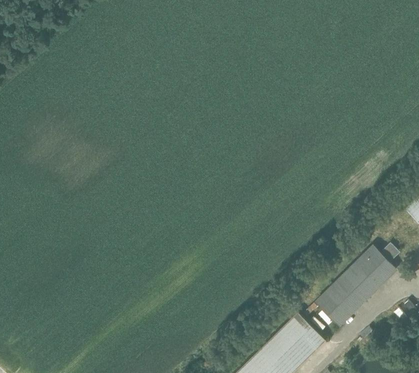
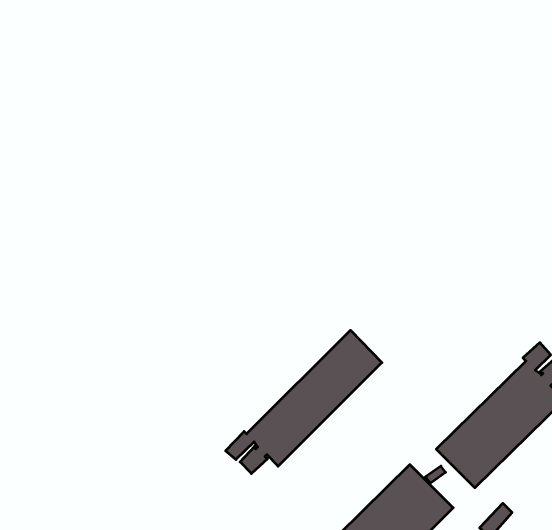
building: none -> [226,330,382,474]

